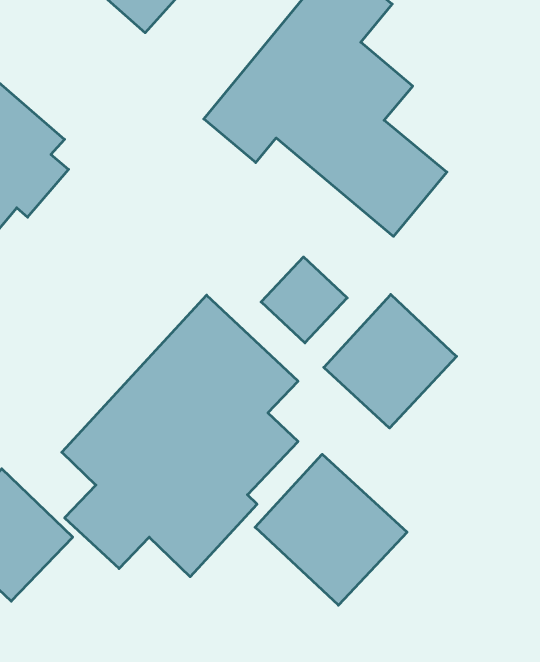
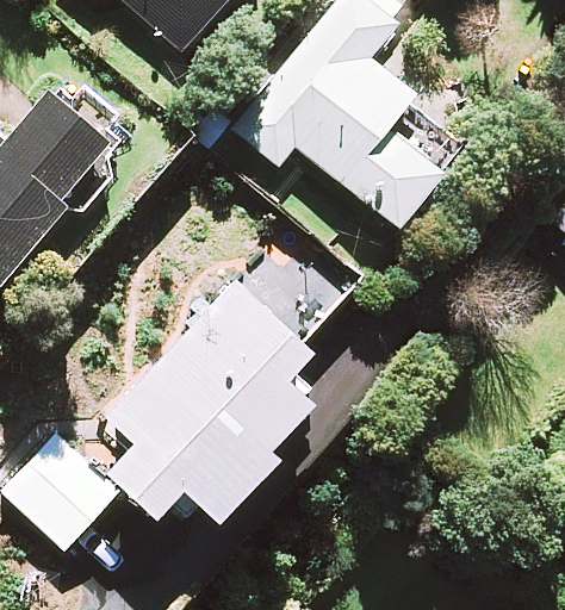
building: [324,294,457,428] -> none
building: [255,454,407,605] -> none

